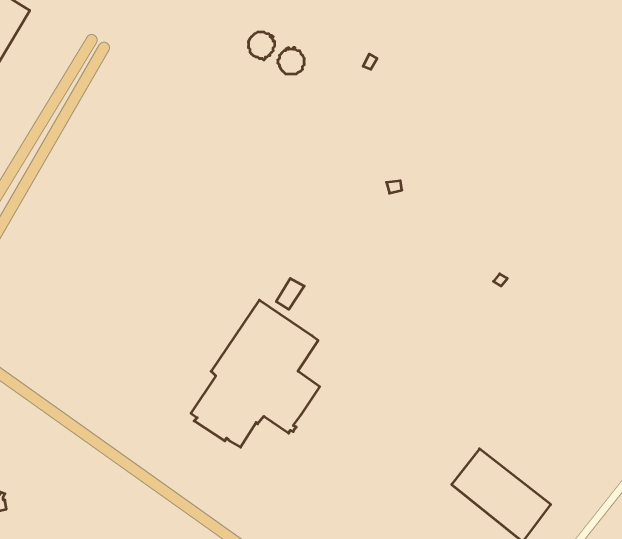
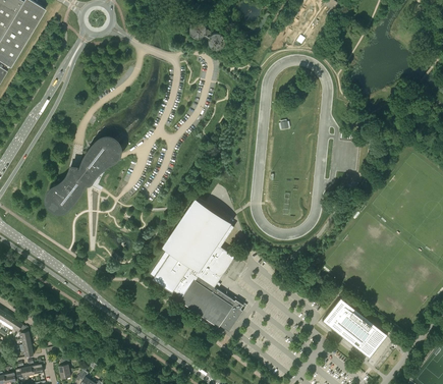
building: none -> [48,138,119,210]
building: none -> [179,276,242,331]

